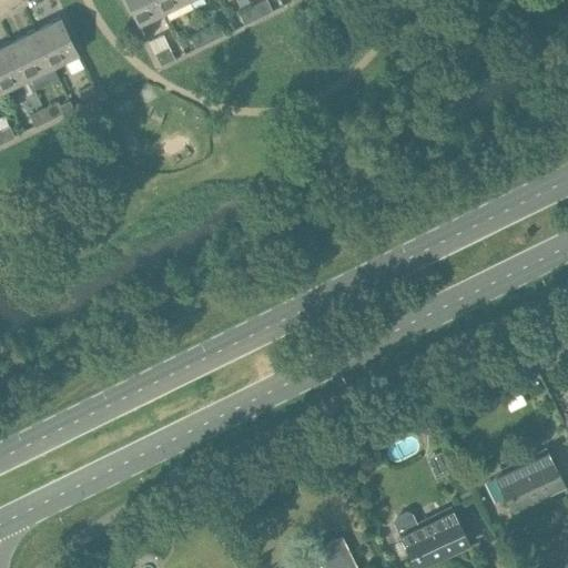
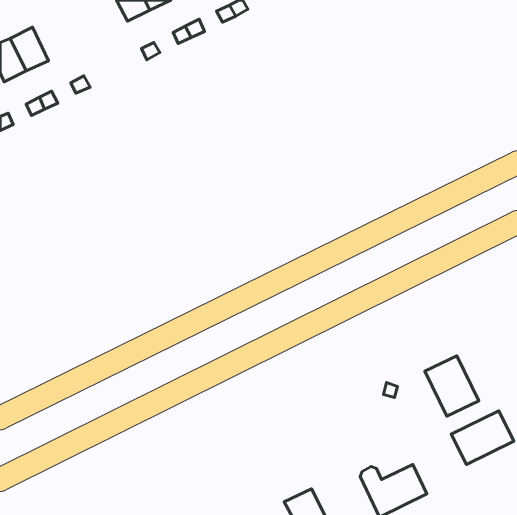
building: [36,20,78,69] -> none
building: none -> [425,356,479,416]

